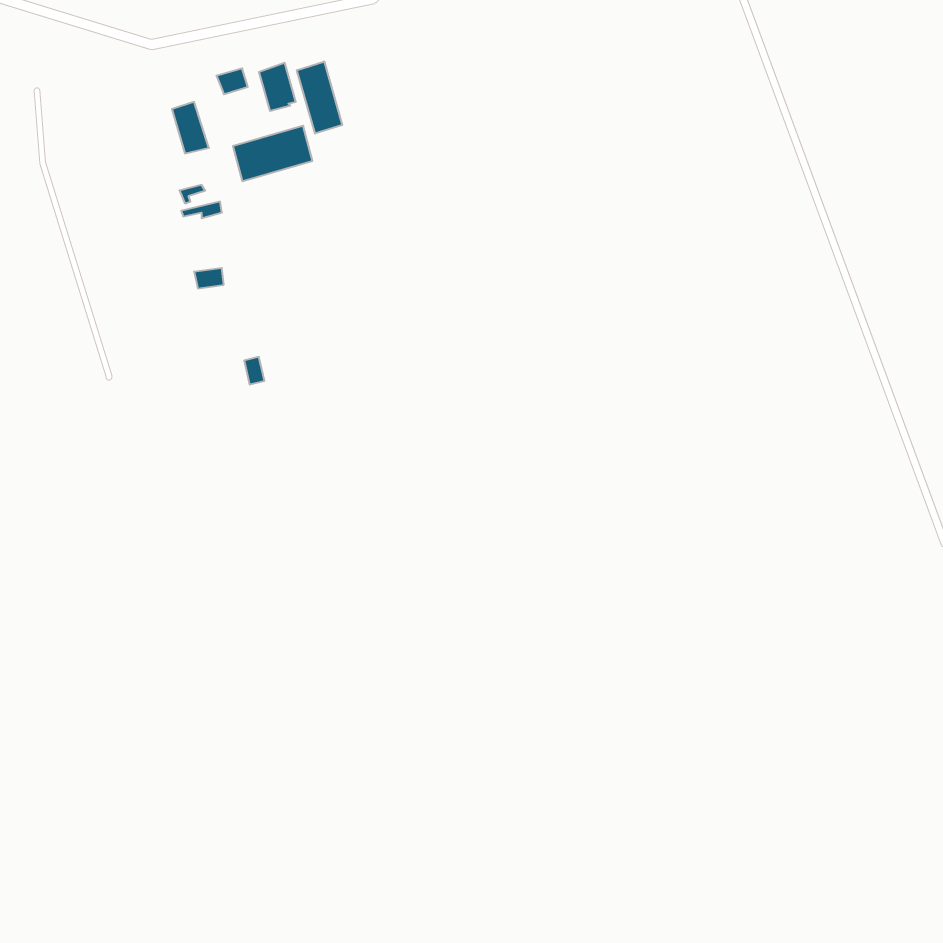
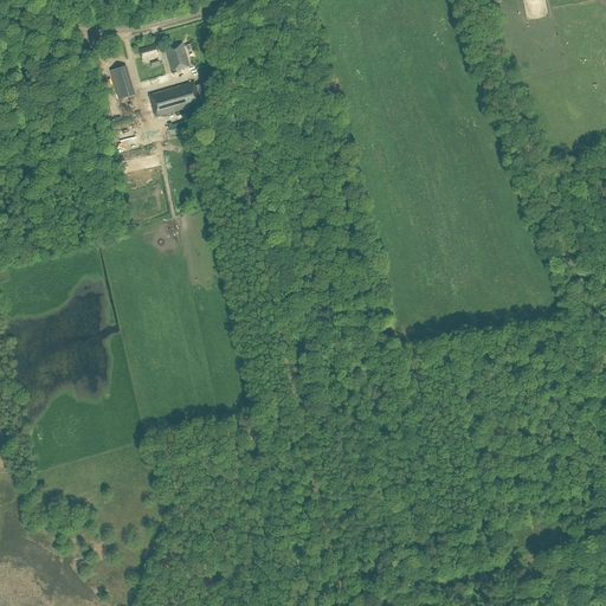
building: [297,61,342,134] -> none

